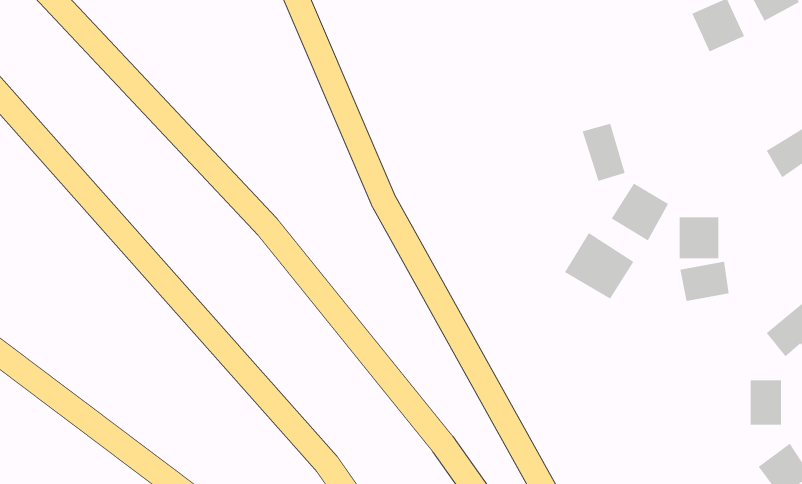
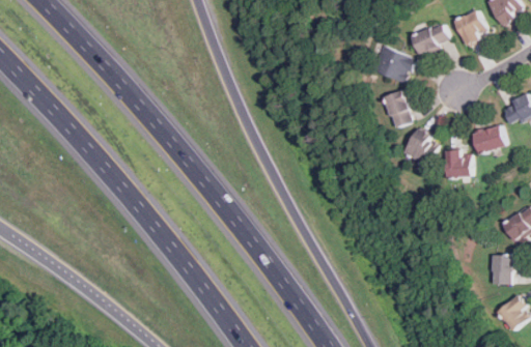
building: none -> [410,22,449,55]
building: none -> [370,45,413,83]
building: [564,232,634,300] -> none
building: [680,261,730,302] -> [472,125,504,151]

